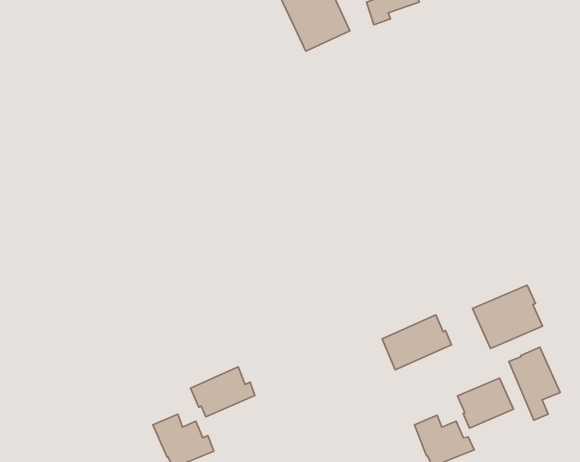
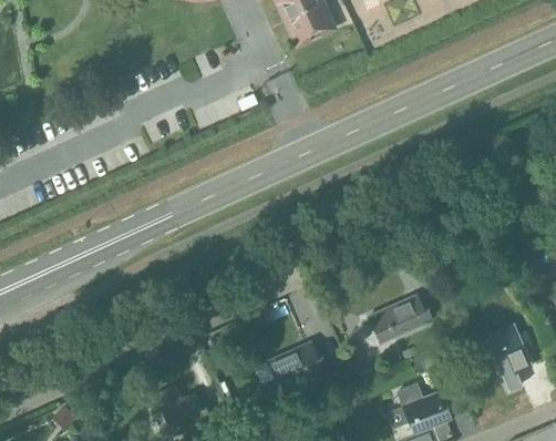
building: [473,285,543,348] -> none
building: [190,367,255,417] -> [267,340,327,387]
building: [458,378,513,428] -> none

